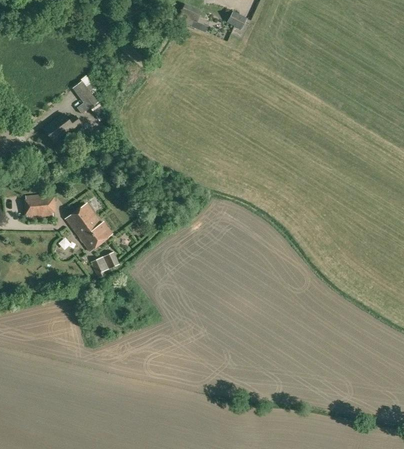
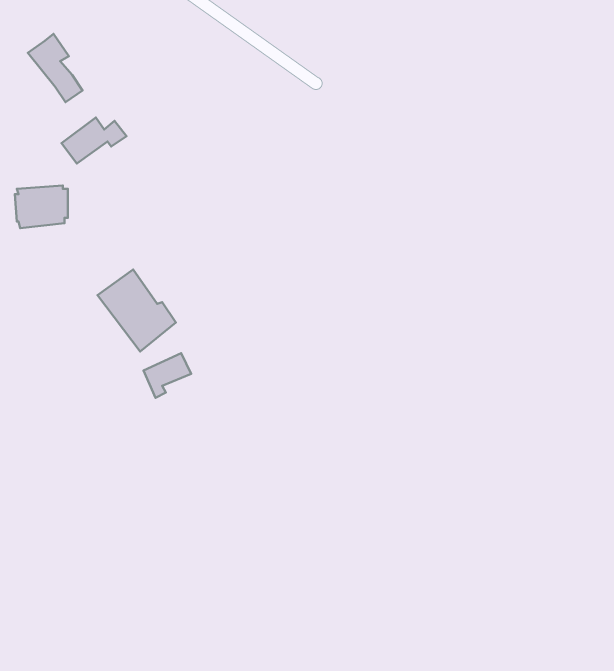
building: [72,78,104,118] -> [28,34,82,102]
building: [24,194,55,219] -> [15,185,68,228]

